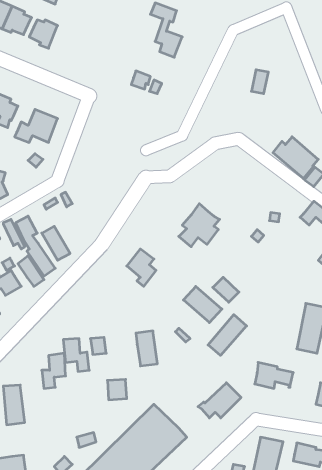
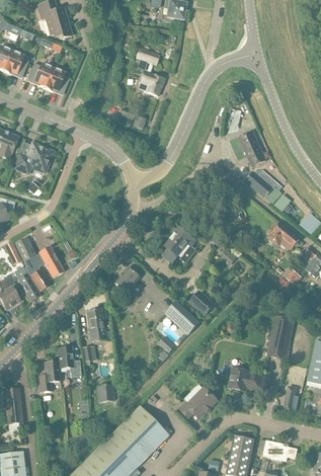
building: none -> [45,68,70,93]
building: none -> [239,131,265,166]
building: [208,315,247,355] -> none
building: [136,331,157,366] -> [86,309,105,340]

